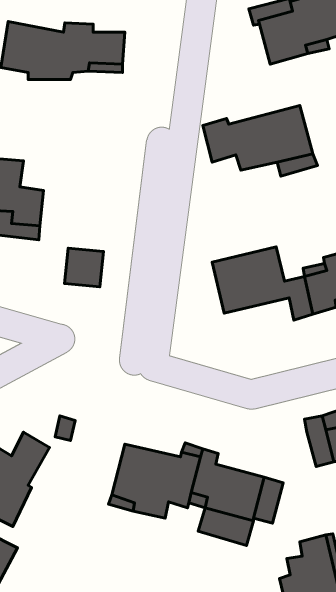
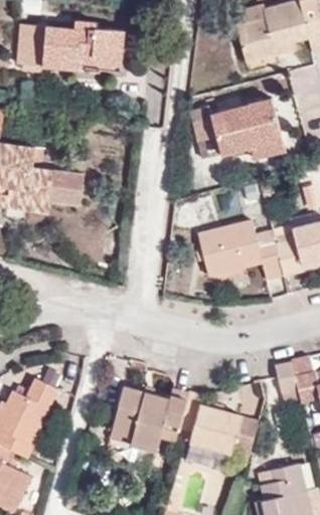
building: [65,248,104,287] -> [50,171,84,204]

